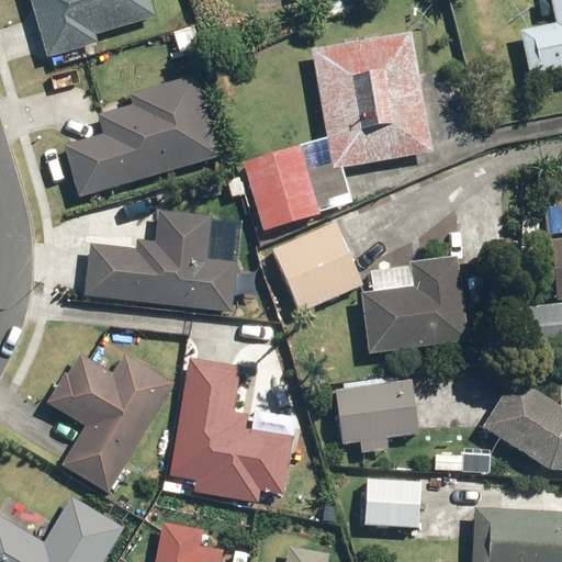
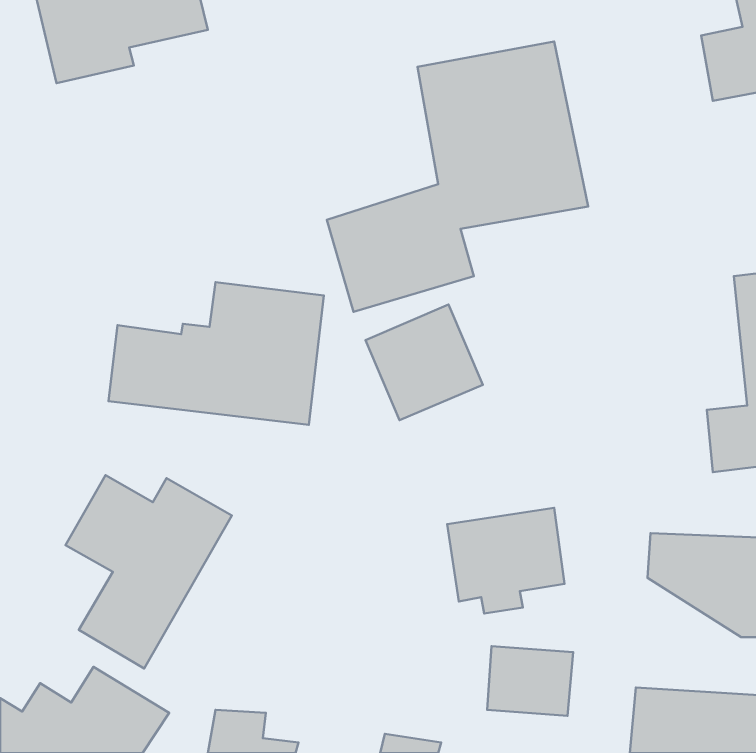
building: [64,74,221,198] -> none
building: [362,256,463,355] -> none
building: [172,360,294,501] -> none

